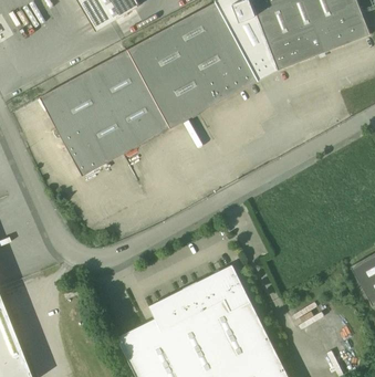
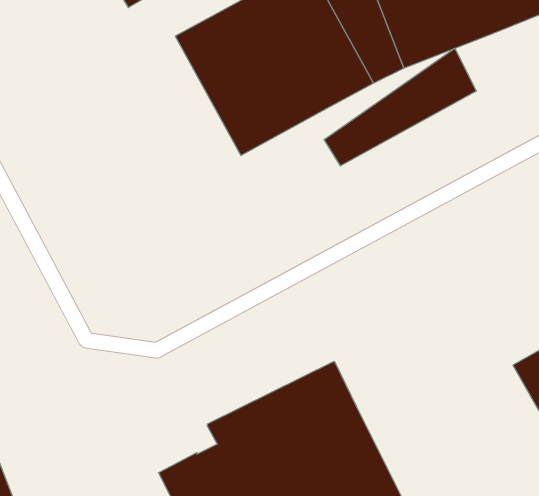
building: [40,50,171,176] -> none
building: none -> [324,48,476,166]

